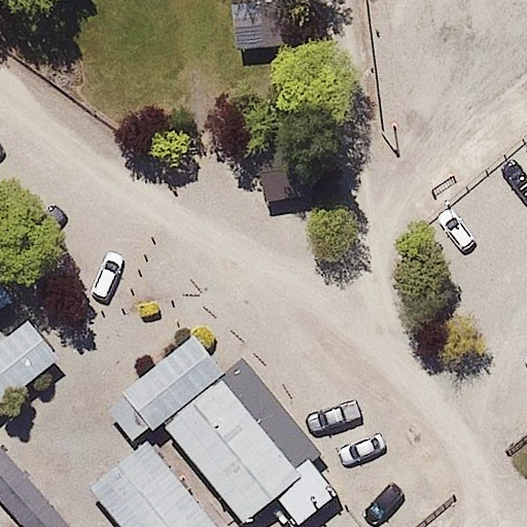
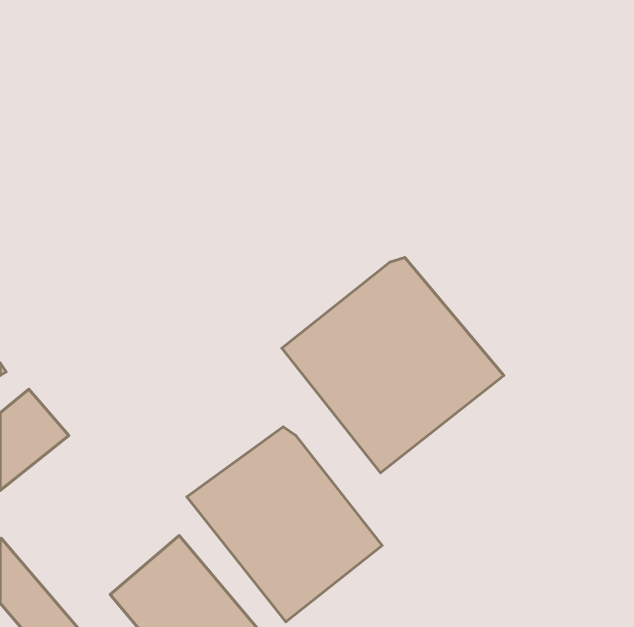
building: none -> [282,258,504,473]
building: [115,336,220,425] -> none

